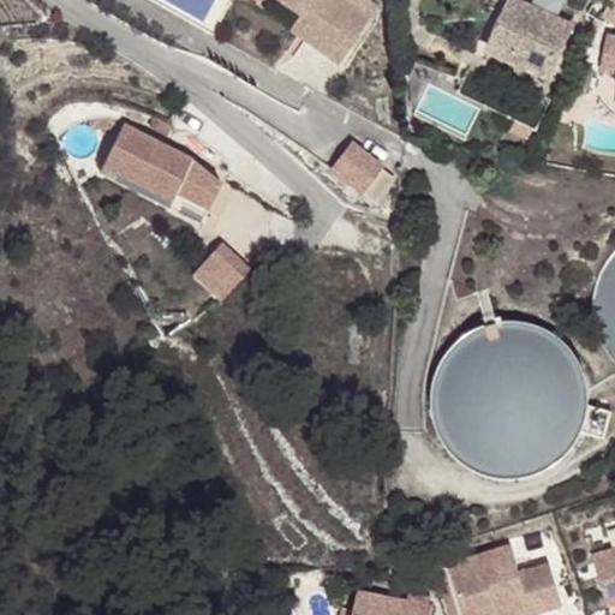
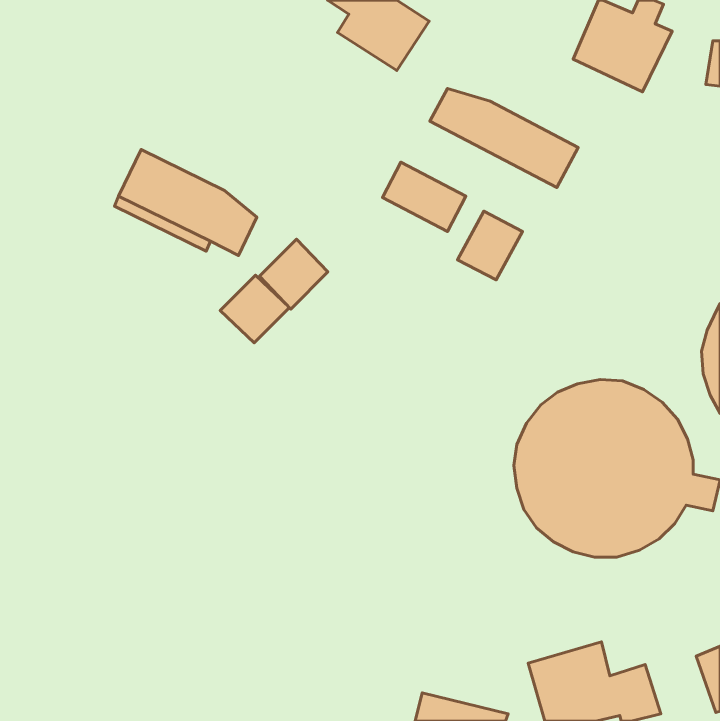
building: none -> [430,89,578,188]
building: none -> [458,211,522,280]
building: none -> [259,239,328,309]

